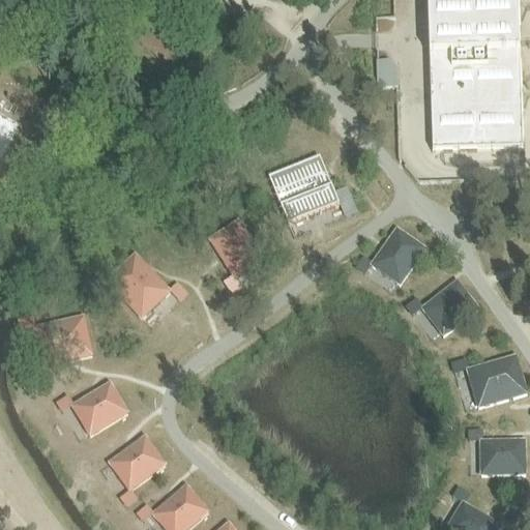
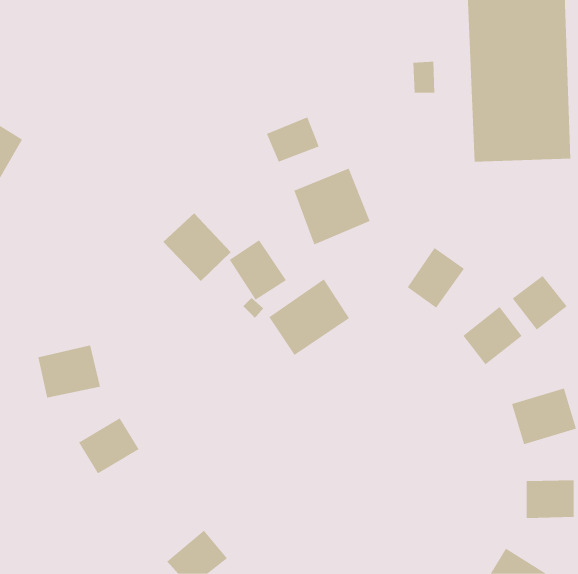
building: none -> [266,117,319,163]
building: none -> [512,275,567,331]
building: [106,253,169,316] -> [162,212,232,282]
building: none -> [269,278,350,356]
building: [109,435,165,488] -> none

